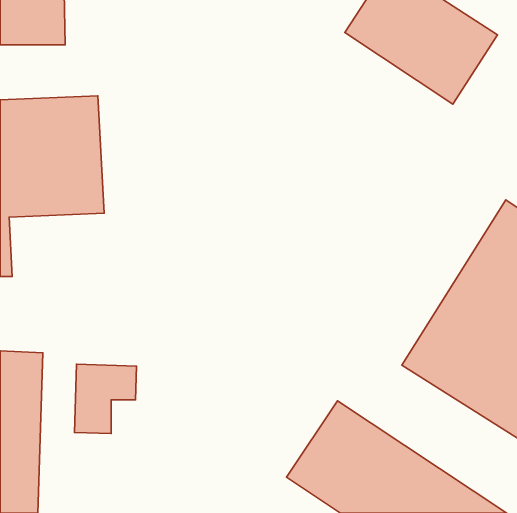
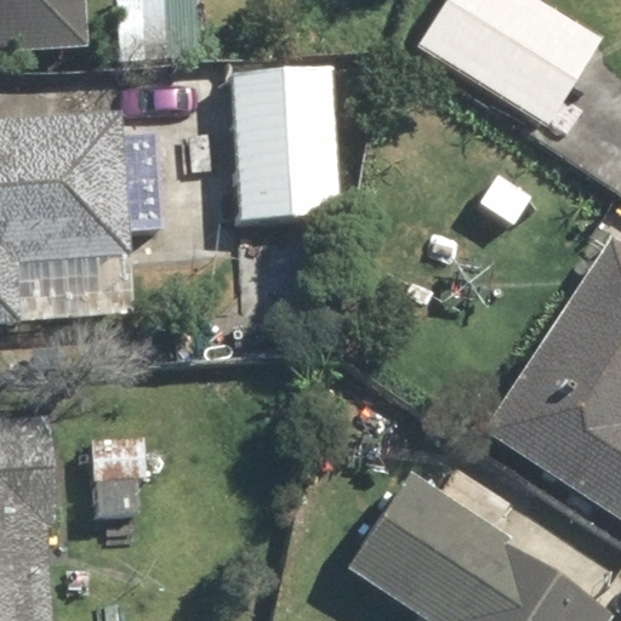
building: none -> [235,68,338,220]

